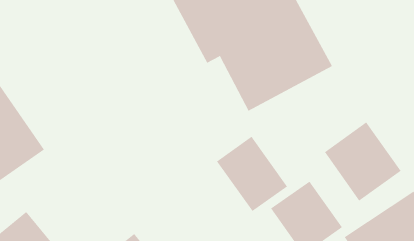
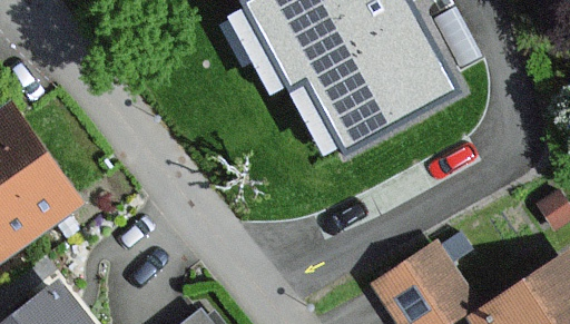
building: [324,122,401,201] -> none
building: [216,136,288,212] -> none

